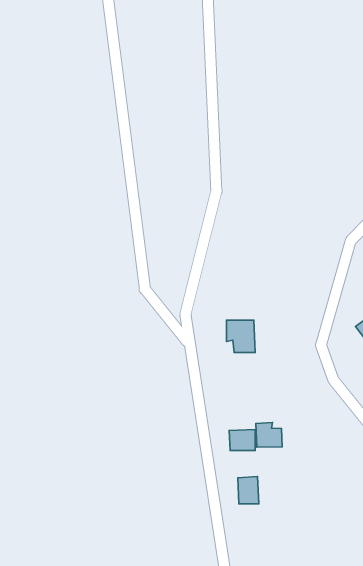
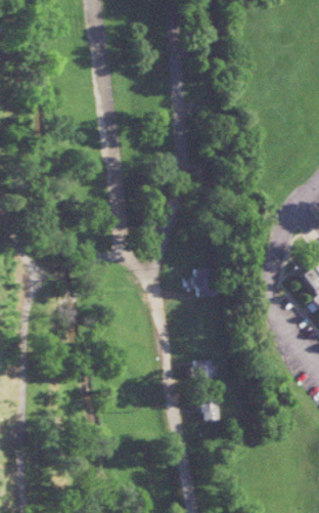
building: [256,423,282,447] -> none

